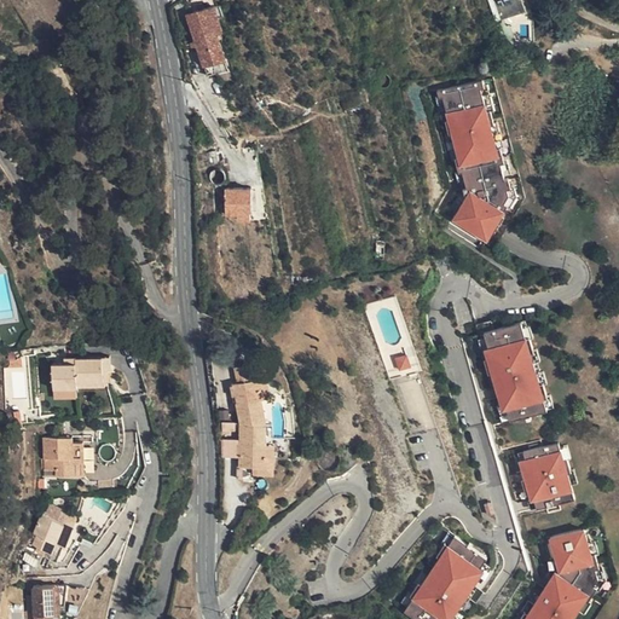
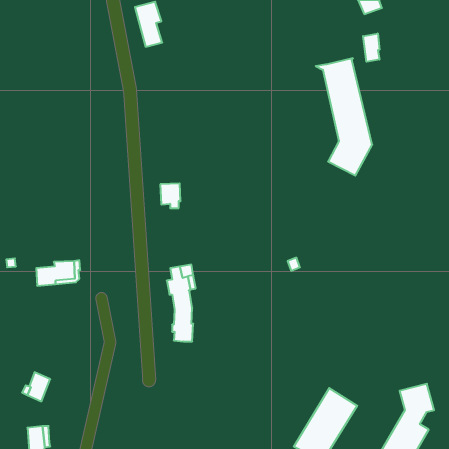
building: none -> [363,33,380,62]
building: [222,190,250,224] -> [160,183,181,208]
building: [484,322,546,422] -> none
building: [44,439,85,478] -> none
building: [516,445,573,511] -> none

